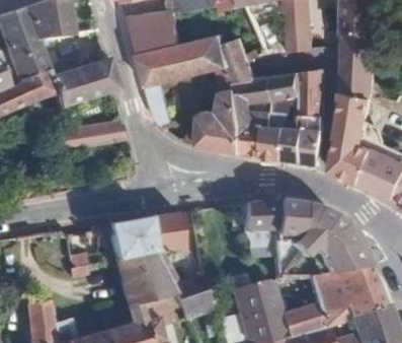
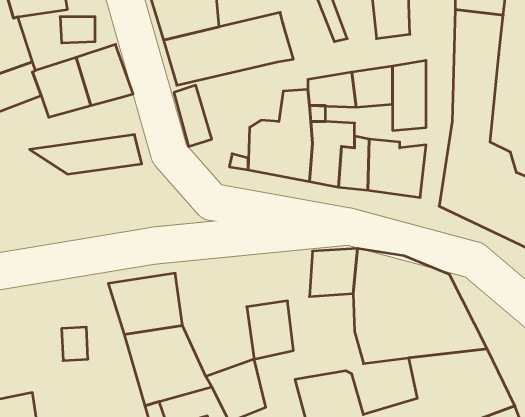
building: [221,38,255,88] -> none
building: [150,211,182,252] -> [247,301,293,359]

